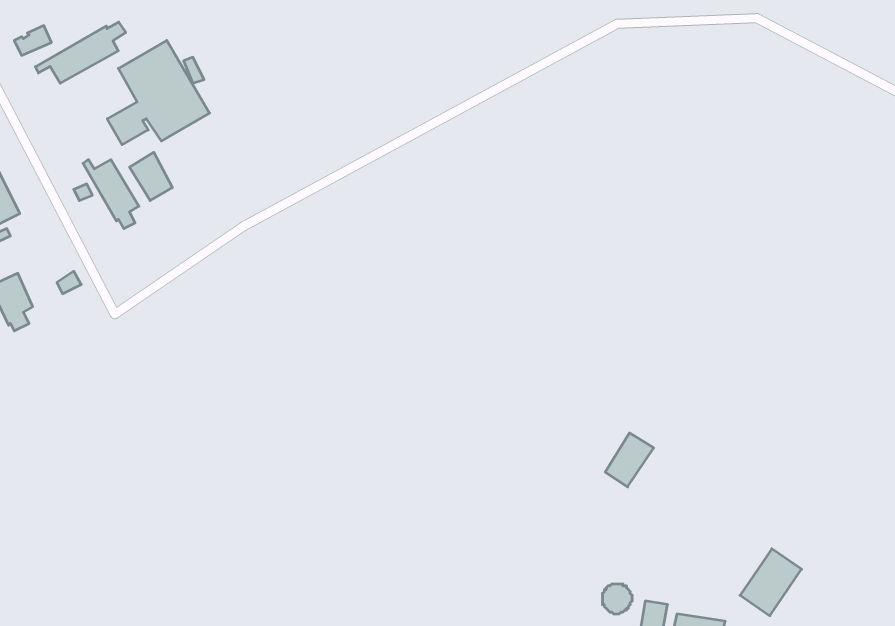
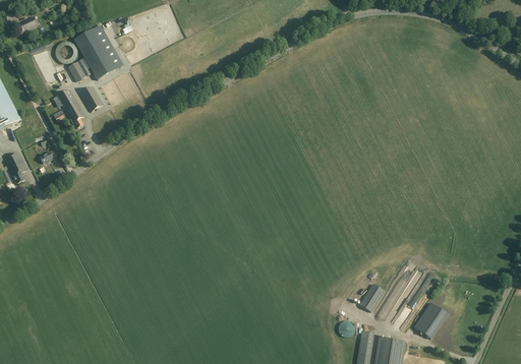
building: [35,22,126,83] -> none
building: [605,433,654,487] -> [358,283,385,312]

